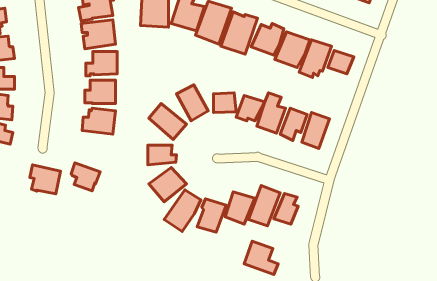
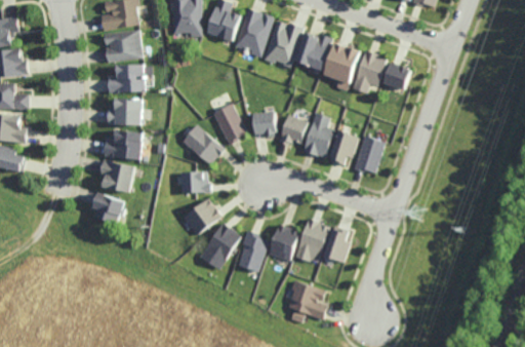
building: [30,165,60,194] -> [99,160,134,193]

